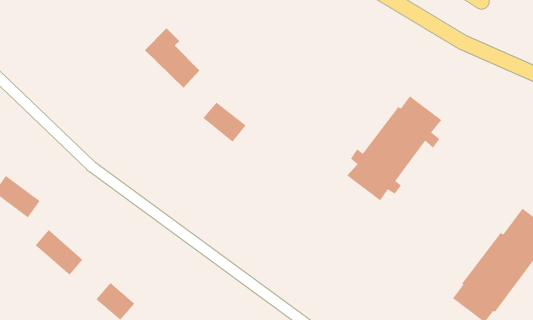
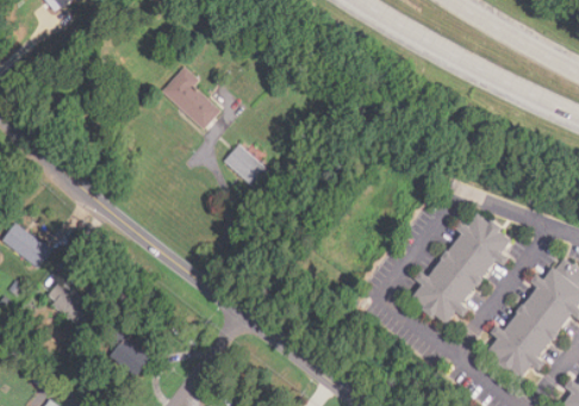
building: [347,95,442,201] -> [411,213,512,325]

